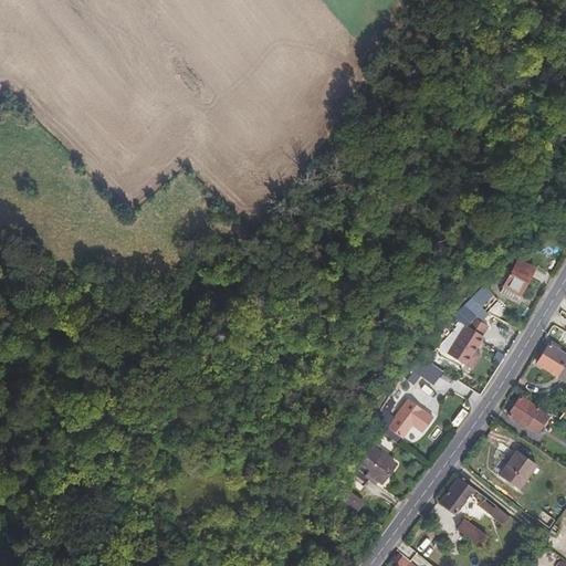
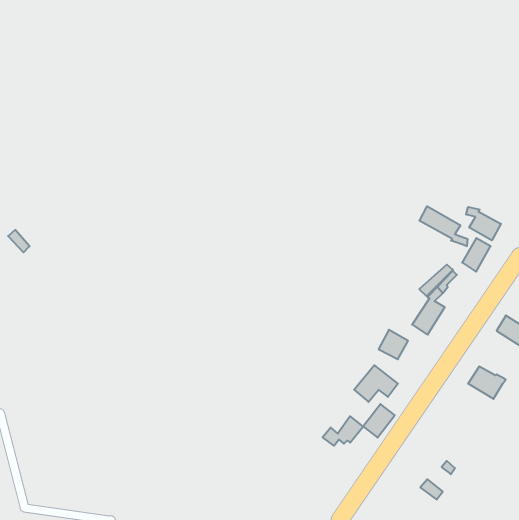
building: none -> [419,206,468,246]
building: none -> [466,207,501,240]
building: [500,448,537,486] -> none
building: [440,476,474,513] -> [363,404,395,438]

